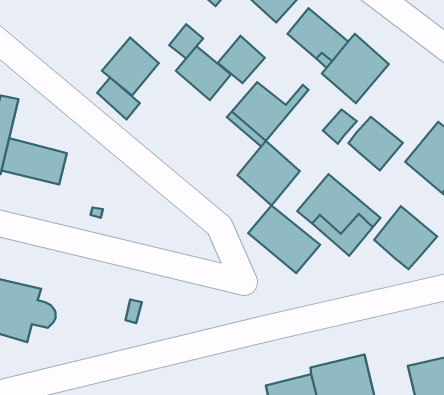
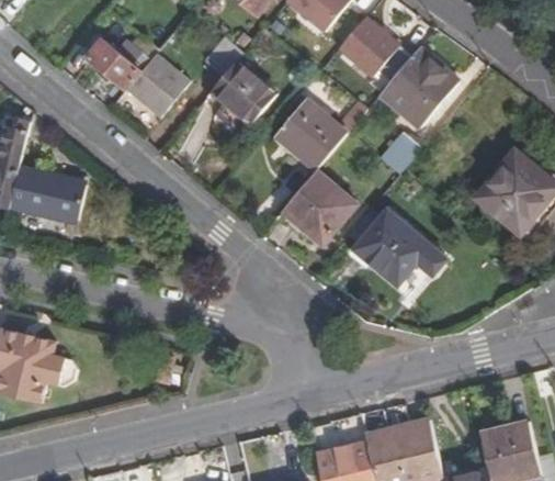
building: [218,36,265,83] -> none
building: [97,78,140,119] -> [88,37,137,86]
building: [348,117,403,170] -> none
building: [248,205,320,273] -> none
building: [374,206,437,269] -> none

